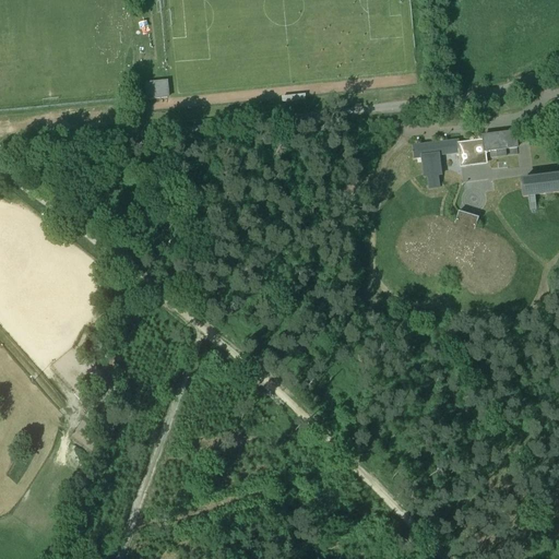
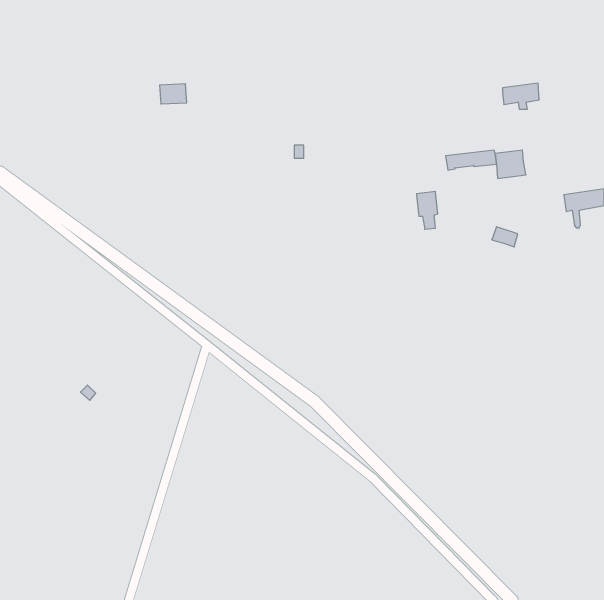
building: [483,130,516,154] -> [503,83,539,109]
building: [420,153,440,188] -> [417,191,438,229]

